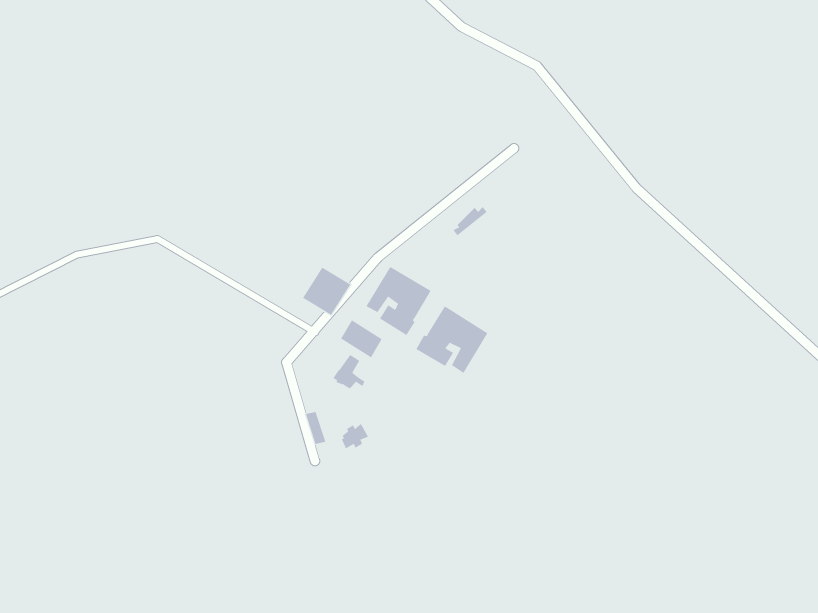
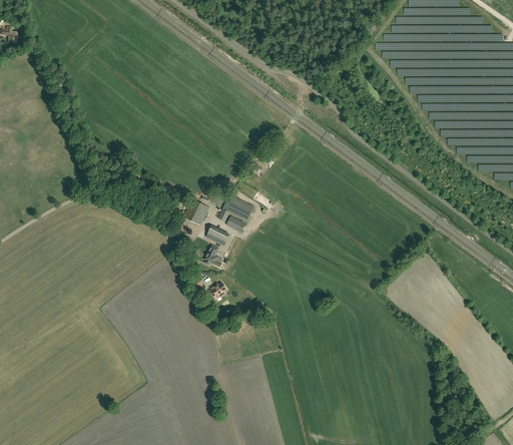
building: [415,306,488,374] -> none

